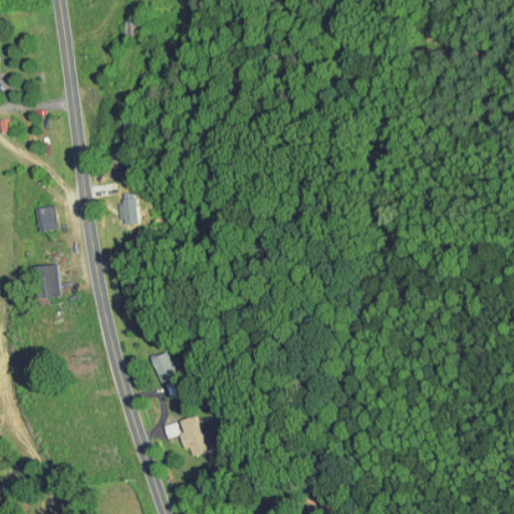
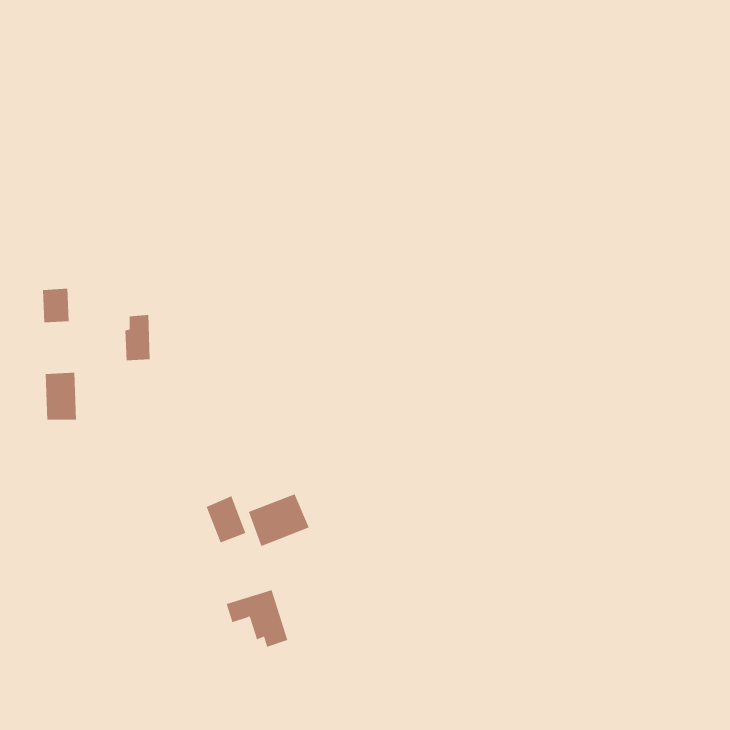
building: [119,193,138,225] -> [124,315,150,361]
building: none -> [248,493,310,547]

